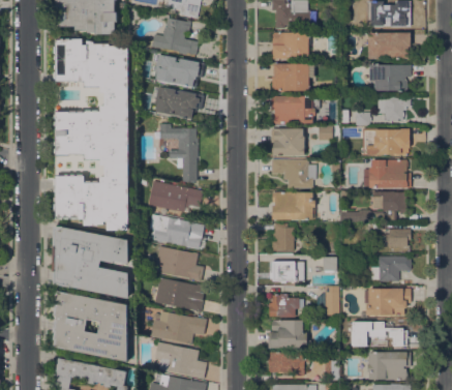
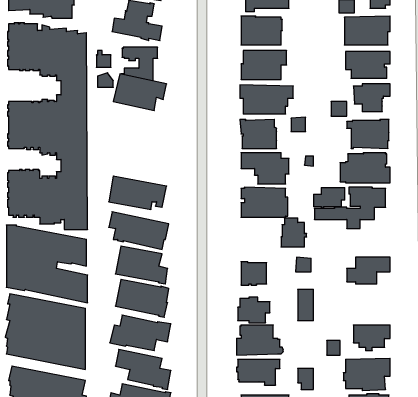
building: [159,124,197,181] -> none
building: [271,223,295,250] -> [281,218,307,247]
building: [381,229,410,247] -> [314,188,345,208]
building: [365,288,410,316] -> none

